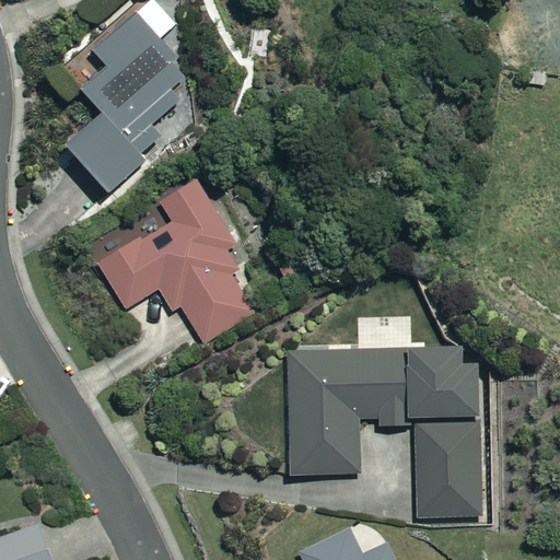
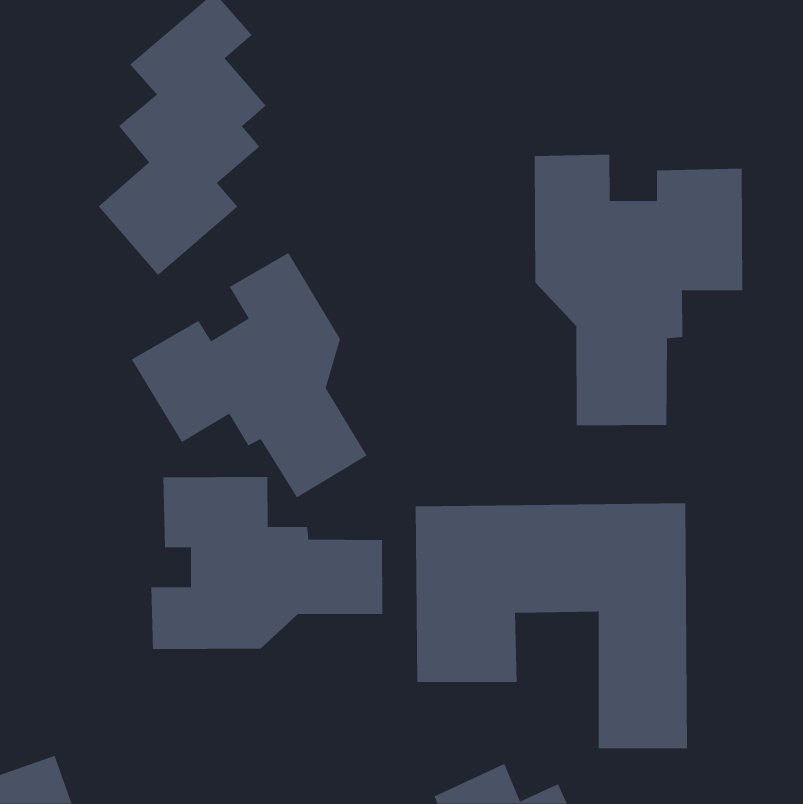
building: none -> [534,154,743,426]
building: none -> [151,476,383,650]

